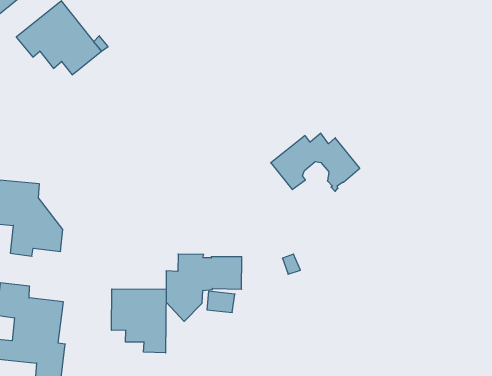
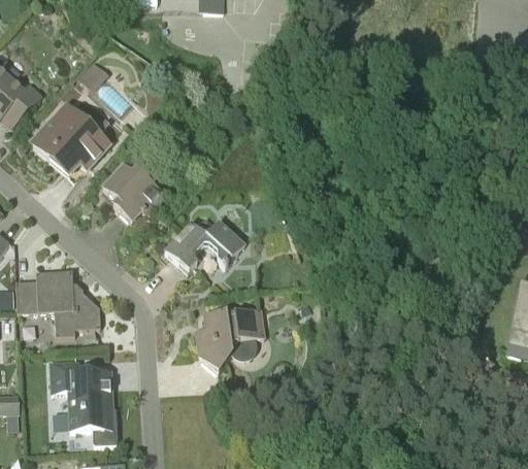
building: none -> [102,165,164,222]
building: [271,133,360,191] -> [164,219,243,272]
building: [112,289,166,353] -> none

